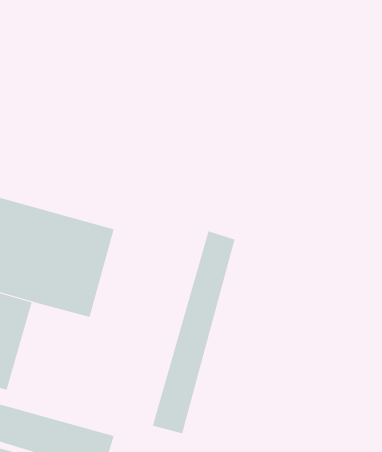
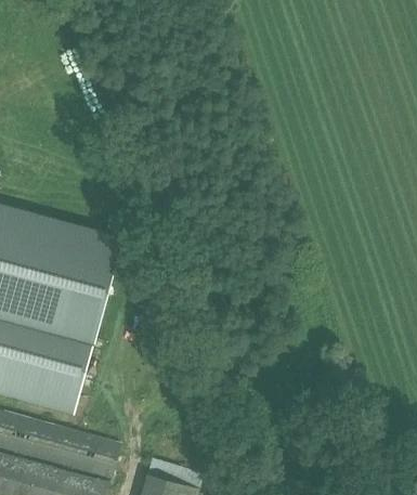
building: [152,231,235,434] -> none
building: none -> [16,312,97,414]

